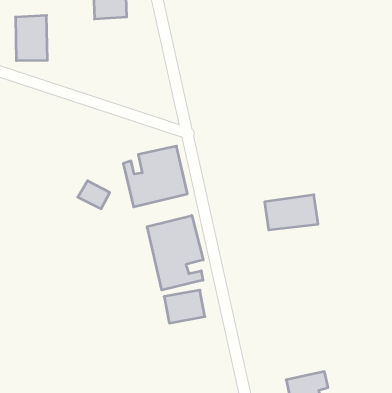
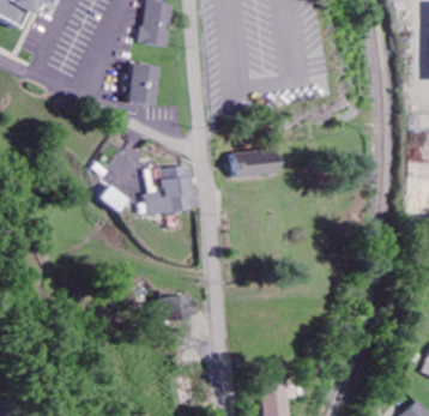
building: [15,15,47,61] -> [120,62,152,104]
building: [265,195,318,230] -> [235,150,279,176]
building: [147,215,203,290] -> none

